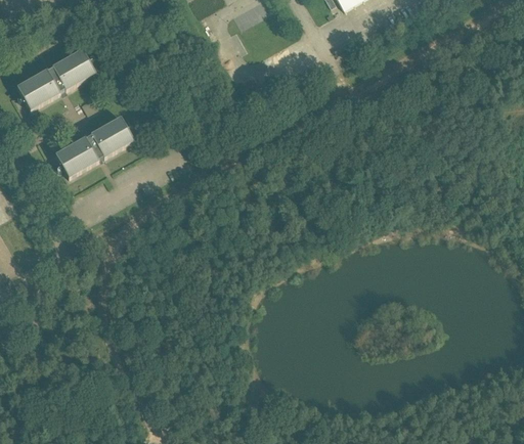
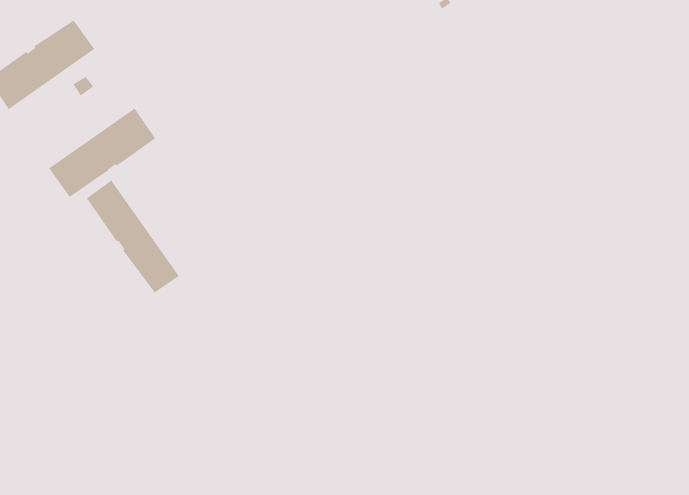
building: none -> [86,179,180,294]

